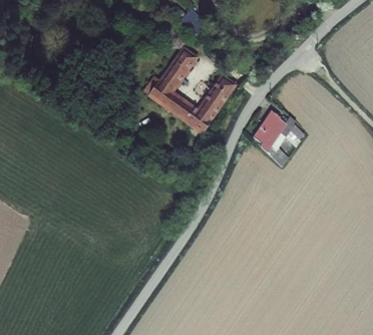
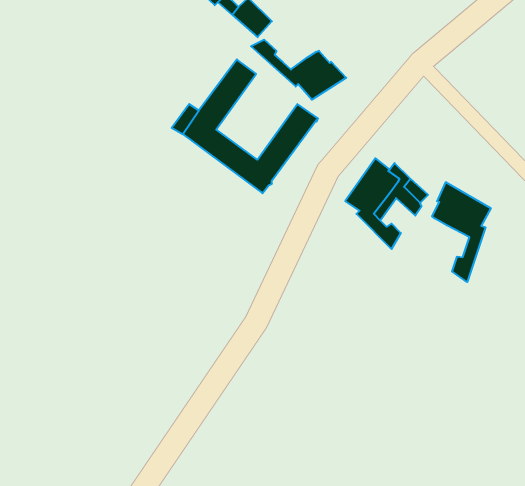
building: none -> [251,40,346,100]
building: none -> [432,182,491,282]

